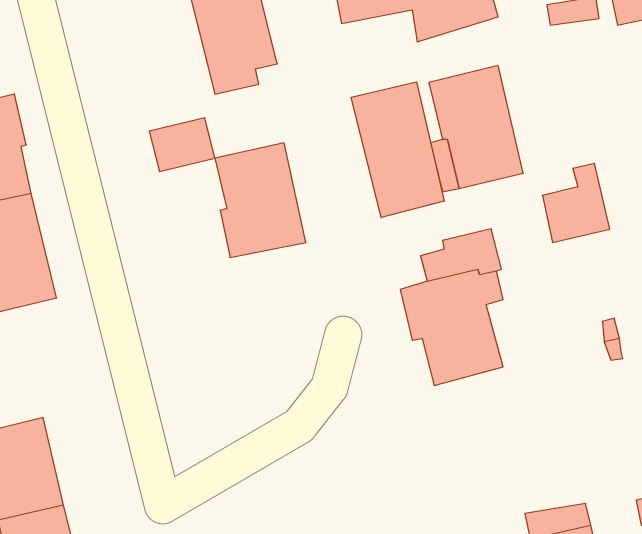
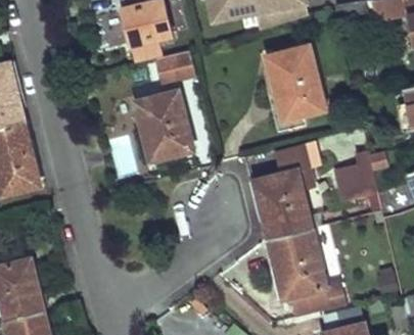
building: [351,82,444,218] -> none
building: [149,118,215,172] -> [155,51,195,84]
building: [542,163,610,242] -> [336,152,377,200]
building: none -> [269,227,346,317]

